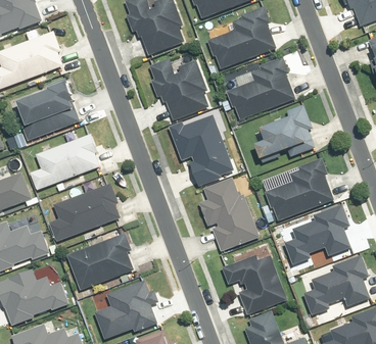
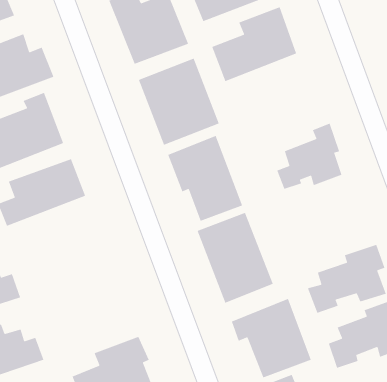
building: [227,60,297,121] -> none
building: [264,158,334,220] -> none
building: [47,186,124,245] -> none
building: [66,235,138,294] -> none

